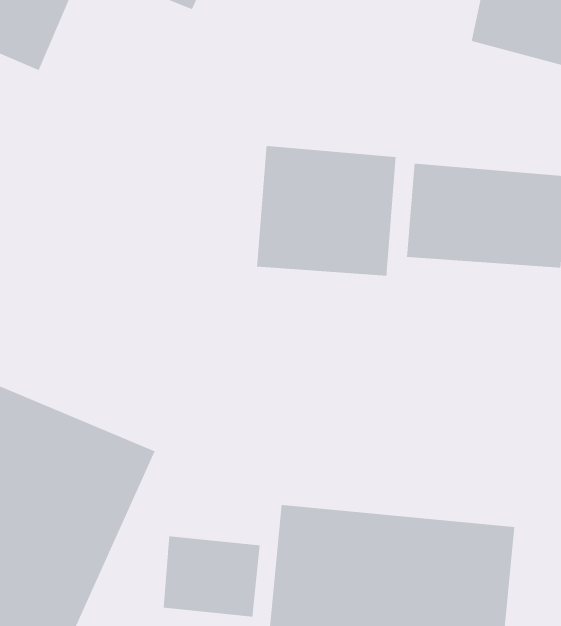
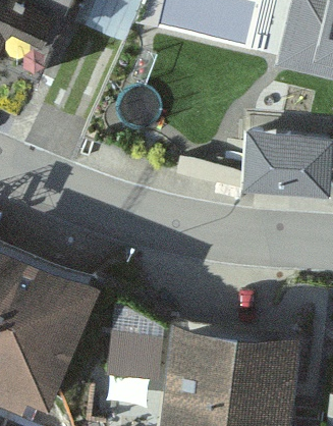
building: [257,145,396,276] -> none

